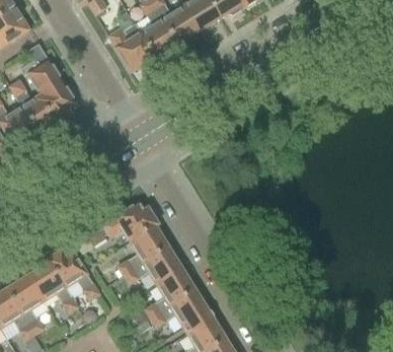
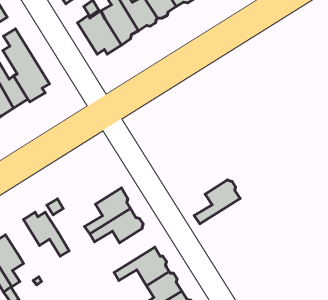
building: [102,202,158,240] -> none
building: [27,258,78,312] -> none
building: [144,268,195,318] -> [194,180,240,224]

